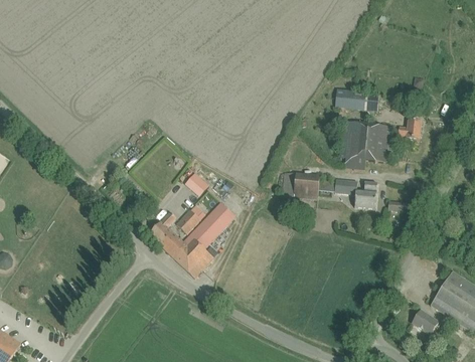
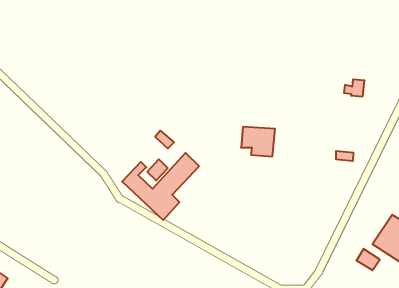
building: [335,89,379,111] -> none
building: [340,121,395,169] -> none
building: [335,179,377,208] -> none

